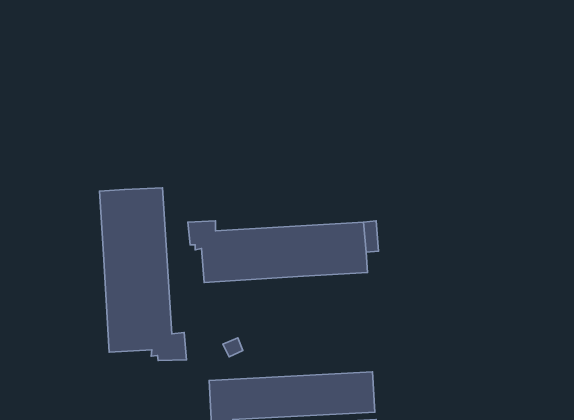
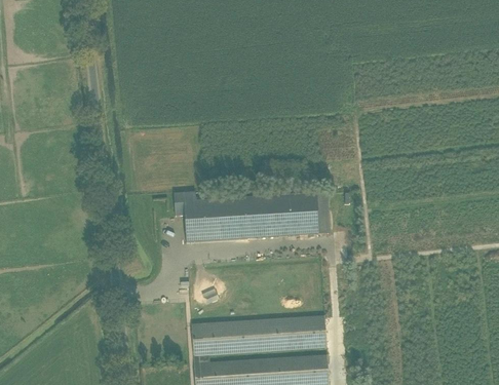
building: [99,188,186,360] -> none

